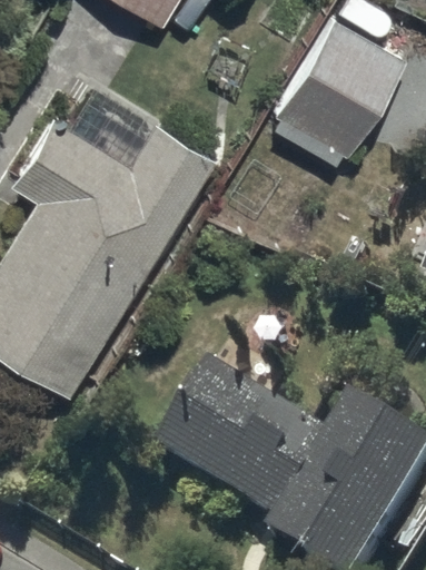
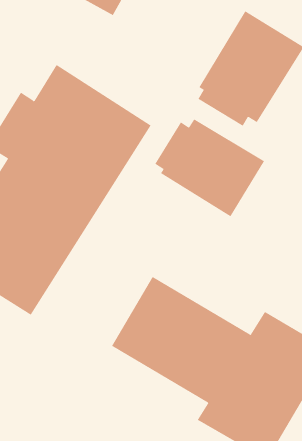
building: none -> [155,118,265,217]

